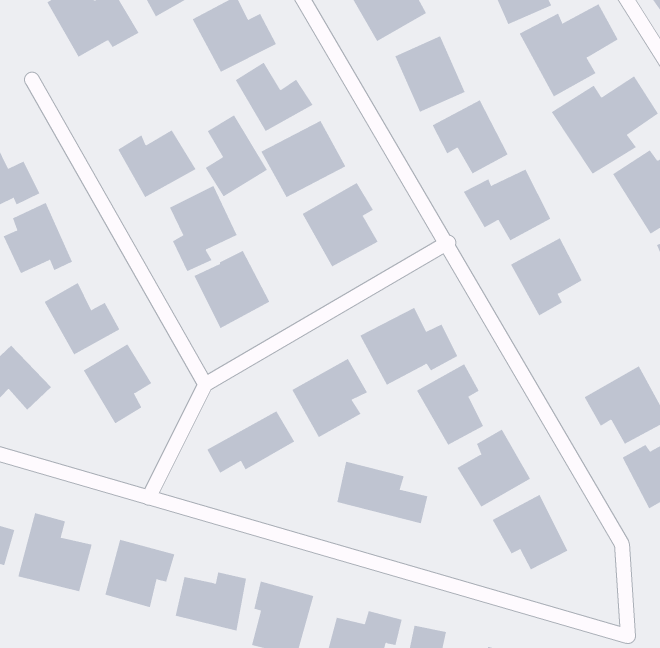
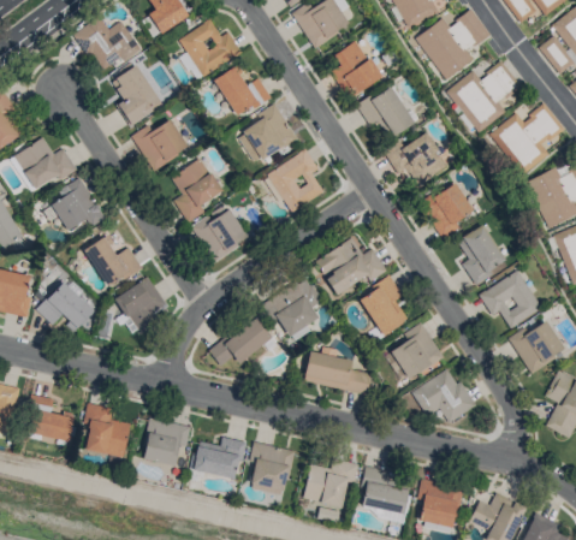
building: [205,115,268,197] -> [118,65,164,125]
building: none -> [458,224,507,281]

